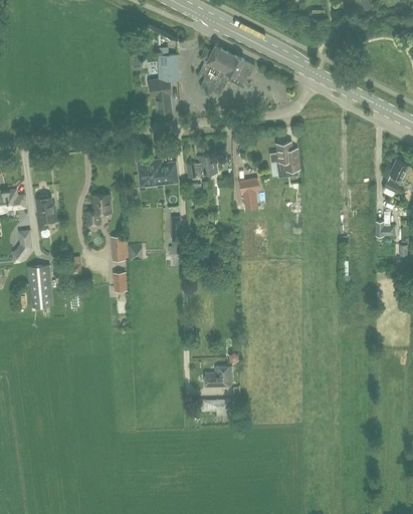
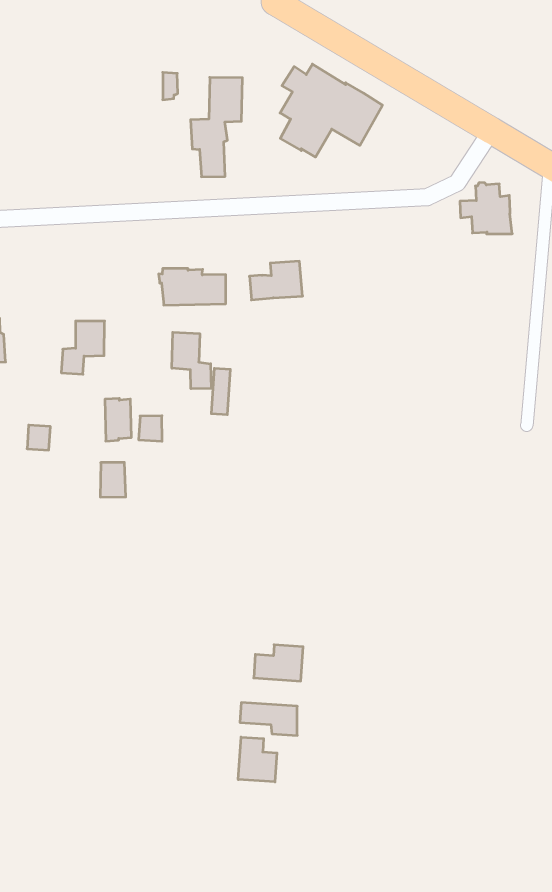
building: [269,142,299,170] -> [460,183,512,234]
building: [238,177,258,209] -> none
building: none -> [172,332,211,389]
building: none -> [238,737,277,782]

